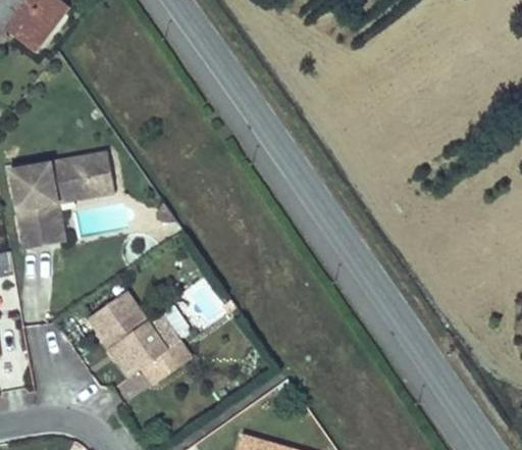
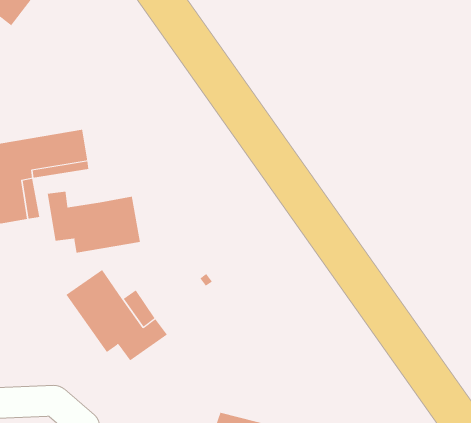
building: none -> [47,191,140,254]

